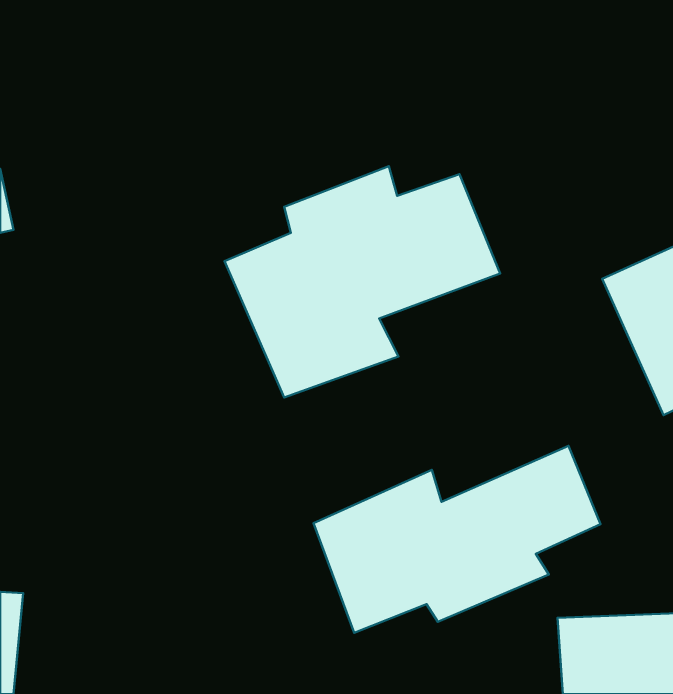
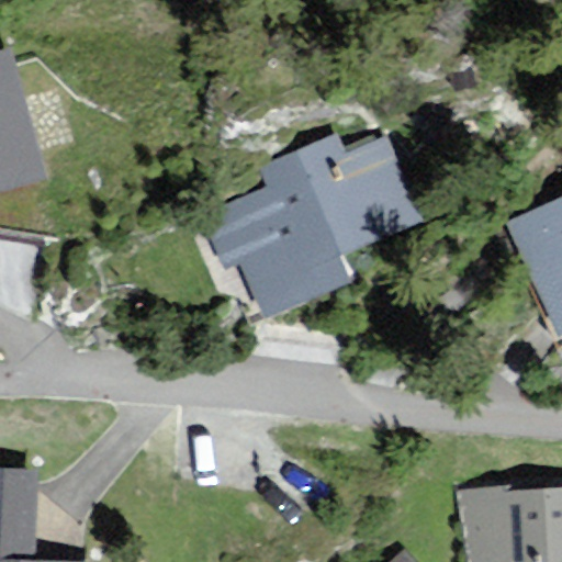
building: [313,446,600,633] -> none

